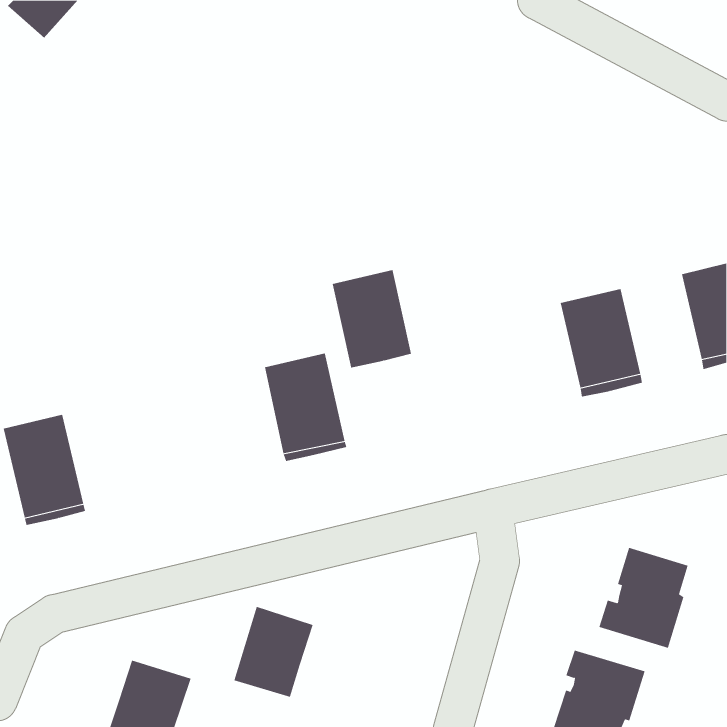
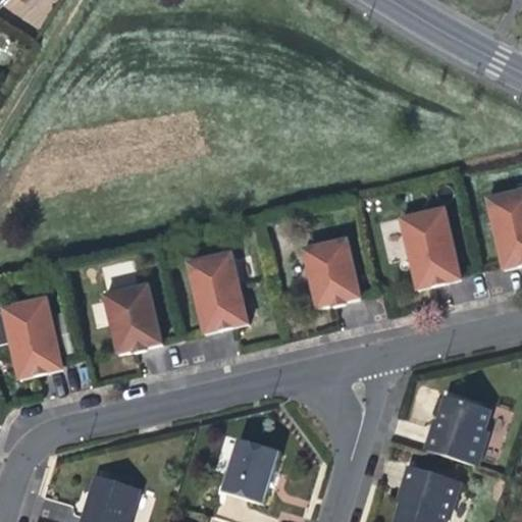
building: [332,270,412,368] -> [300,238,357,308]
building: none -> [103,282,159,352]
building: [233,606,313,698] -> [222,435,279,501]

